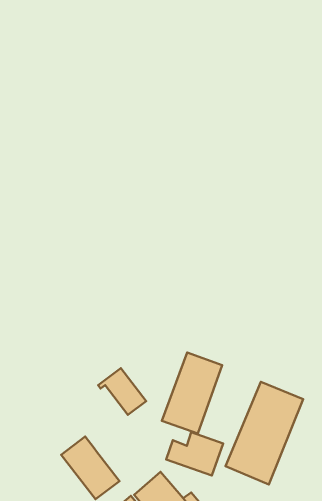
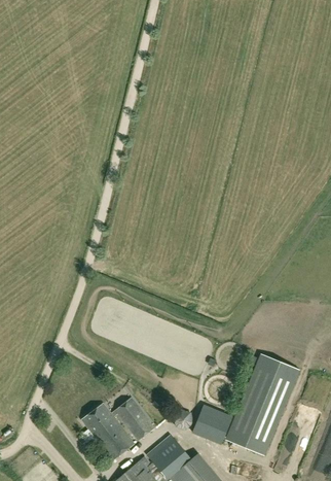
building: [162,352,222,434] -> none
building: [98,368,146,415] -> [112,400,155,442]

